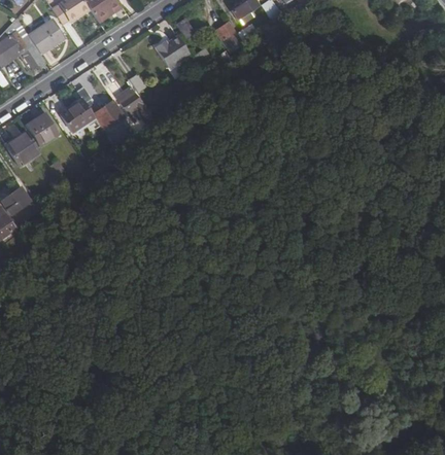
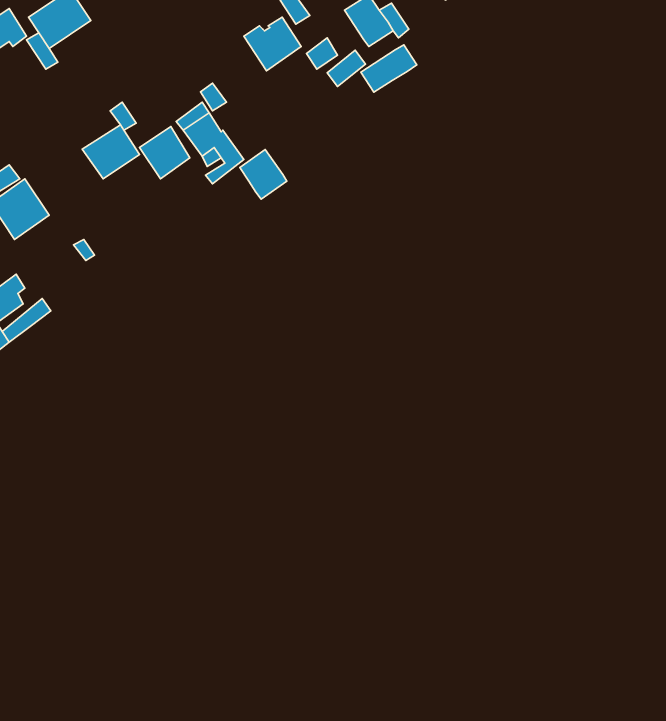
building: none -> [361,45,417,92]
building: [25,113,57,147] -> none
building: none -> [240,150,287,199]

